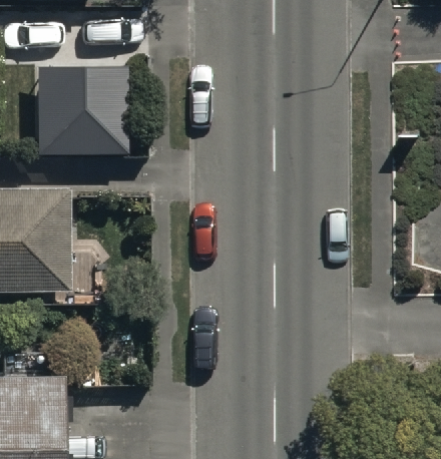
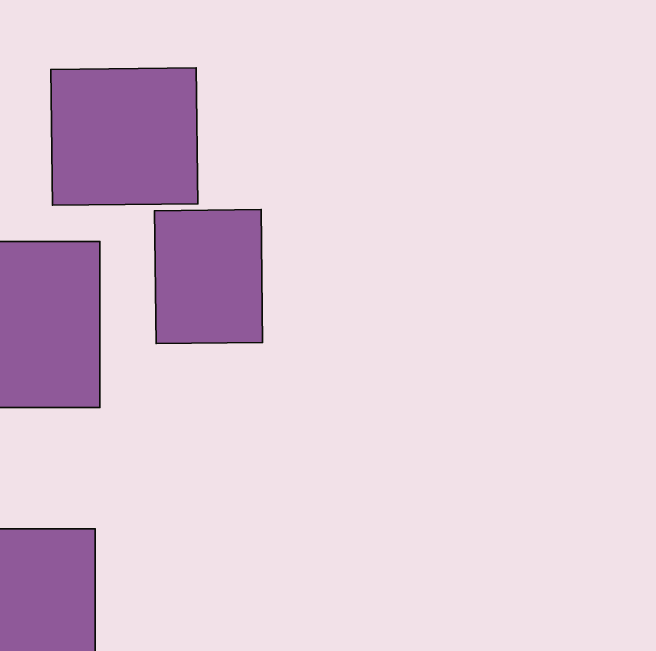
building: none -> [155,210,262,344]

